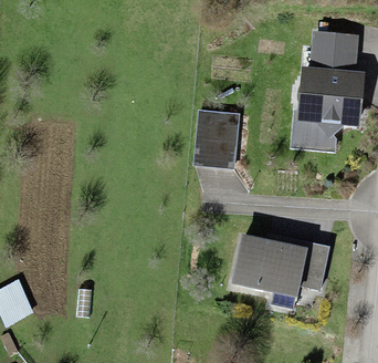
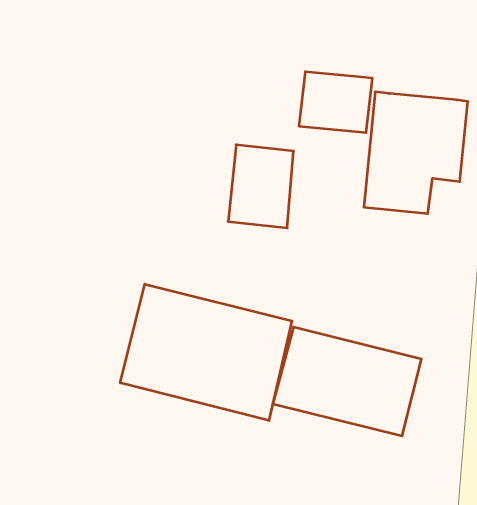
building: [308,33,359,75] -> [299,72,372,133]
building: none -> [120,284,292,421]

